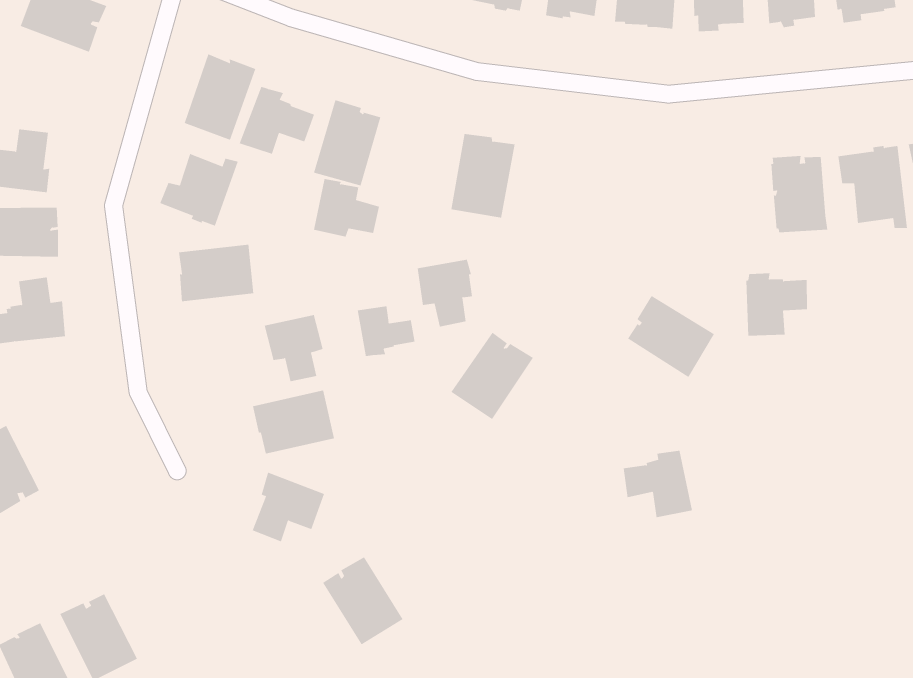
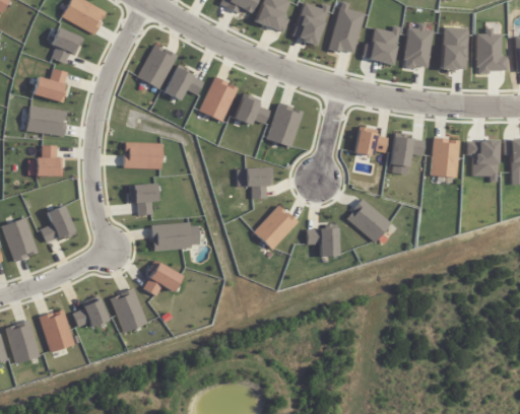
building: none -> [51,27,83,64]
building: [160,153,239,227] -> none
building: none -> [353,126,388,156]
building: [313,178,380,237] -> [235,92,270,124]
building: [746,273,808,336] -> [390,133,425,166]
building: [357,306,415,357] -> none
building: [264,314,323,382] -> [129,183,157,215]
building: none -> [41,205,76,241]
building: [623,450,693,518] -> [307,224,339,257]
building: none -> [73,294,109,327]
building: [322,557,403,645] -> [110,288,148,333]

